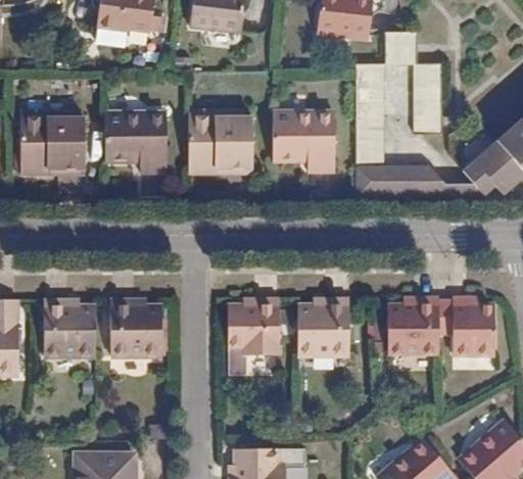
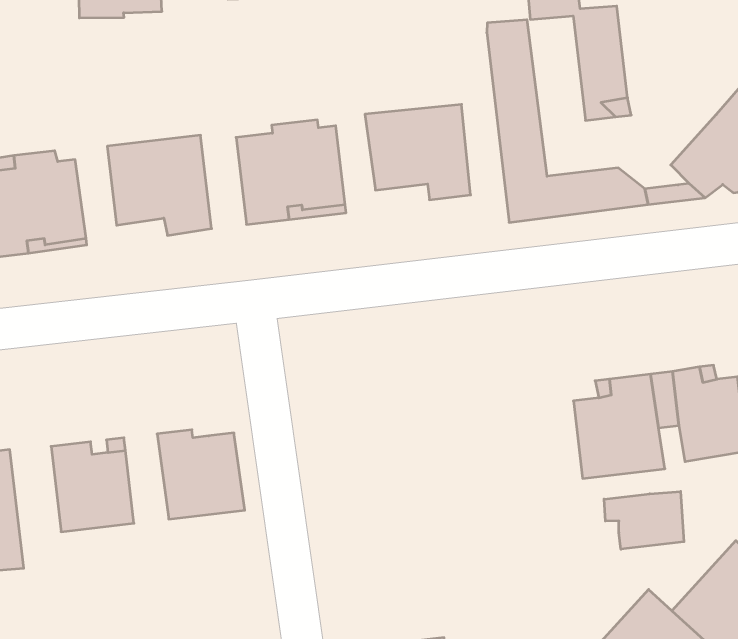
building: [231,299,283,355] -> none
building: [298,300,353,354] -> none
building: none -> [604,491,684,549]

